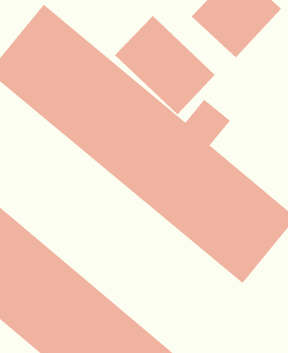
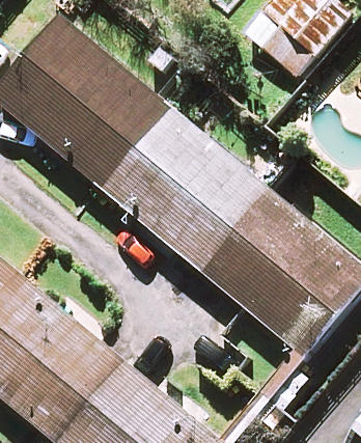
building: [114,15,216,115] -> none

